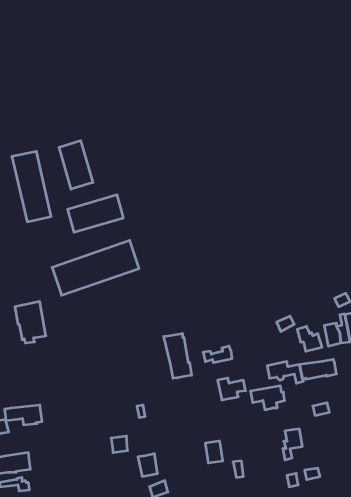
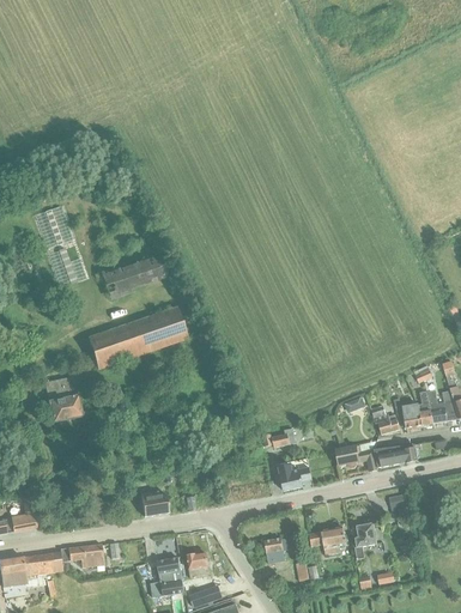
building: [59,141,93,189] -> none
building: [164,333,192,378] -> none
building: [250,386,285,410] -> [308,527,347,554]
building: none -> [139,490,168,516]
building: [5,405,42,425] -> [59,544,102,566]
building: none -> [150,558,184,596]

